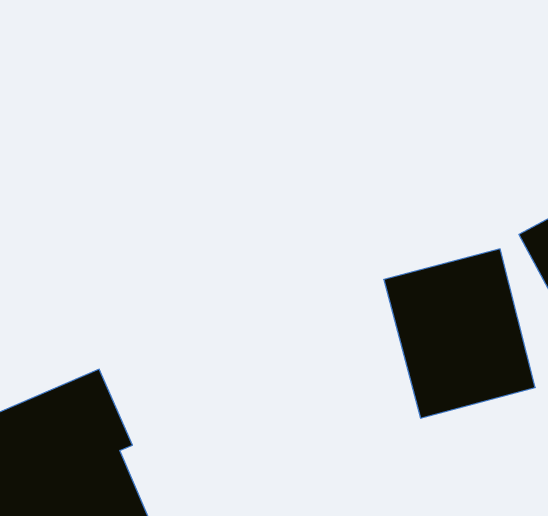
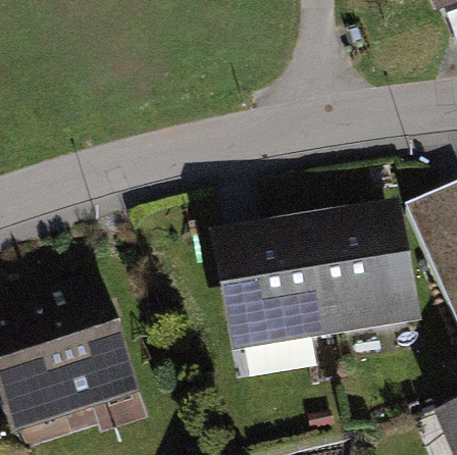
building: none -> [223,234,325,349]

